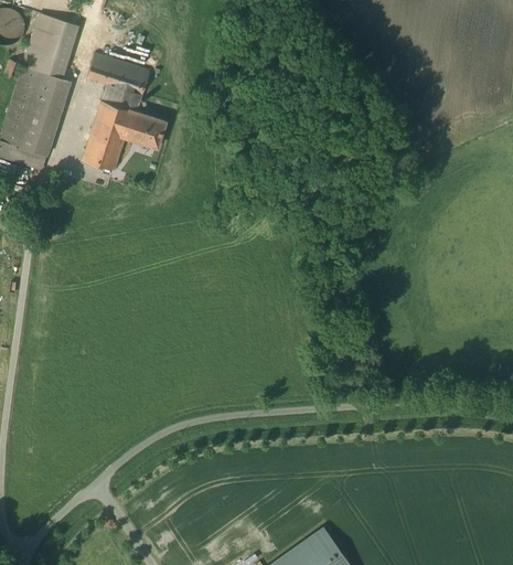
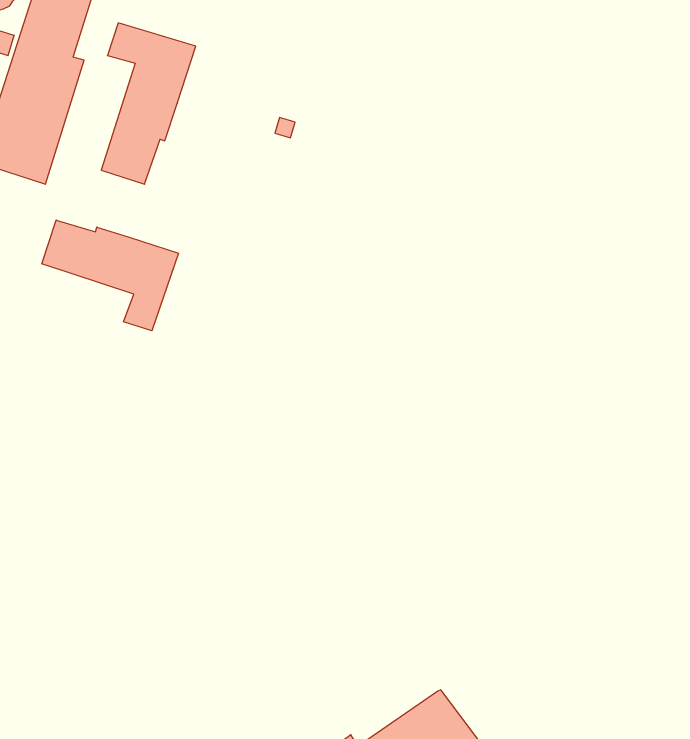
building: [128,111,165,147] -> none
building: none -> [42,220,179,331]

